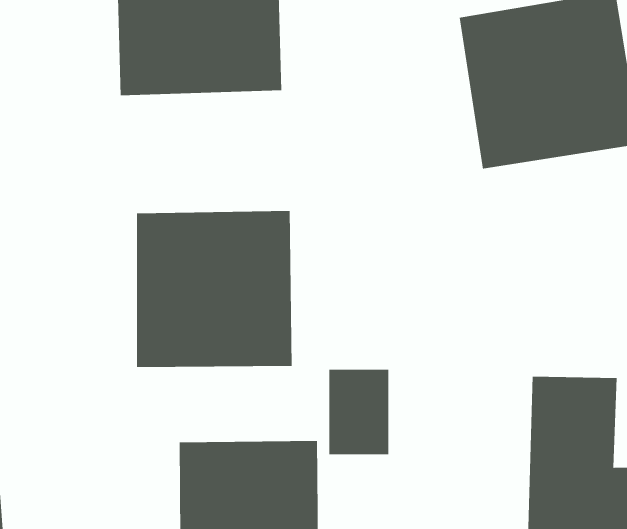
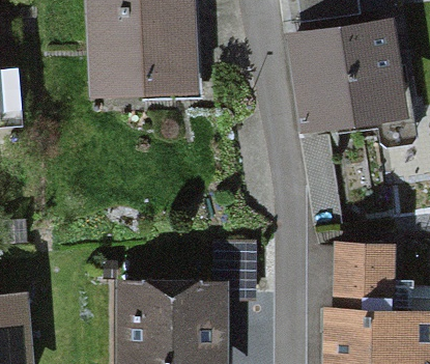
building: [137,210,292,368] -> none

